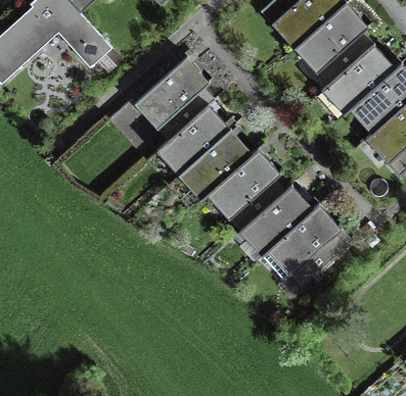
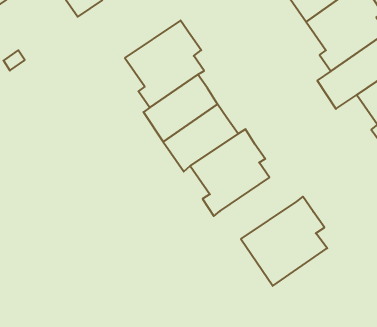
building: [237,185,312,262] -> none

